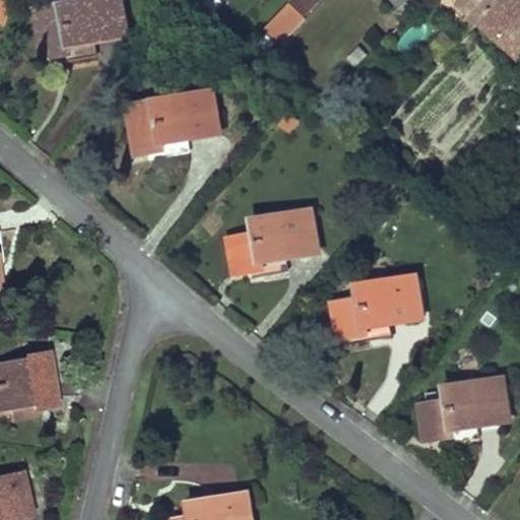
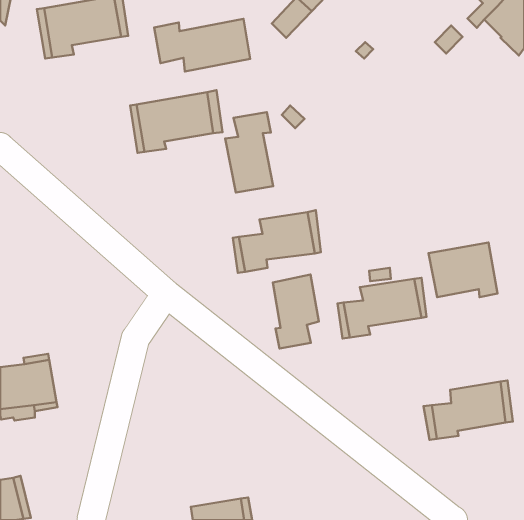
building: none -> [154,19,250,72]
building: none -> [225,112,273,192]
building: none -> [429,242,498,297]
building: none -> [273,274,319,349]

